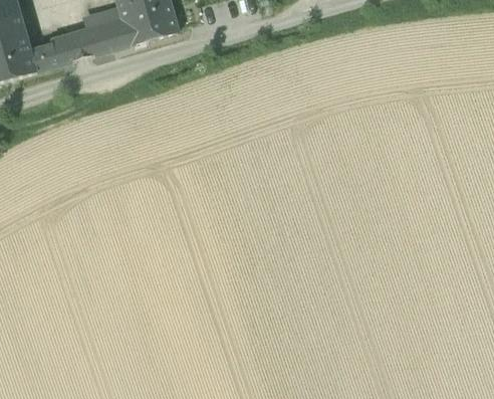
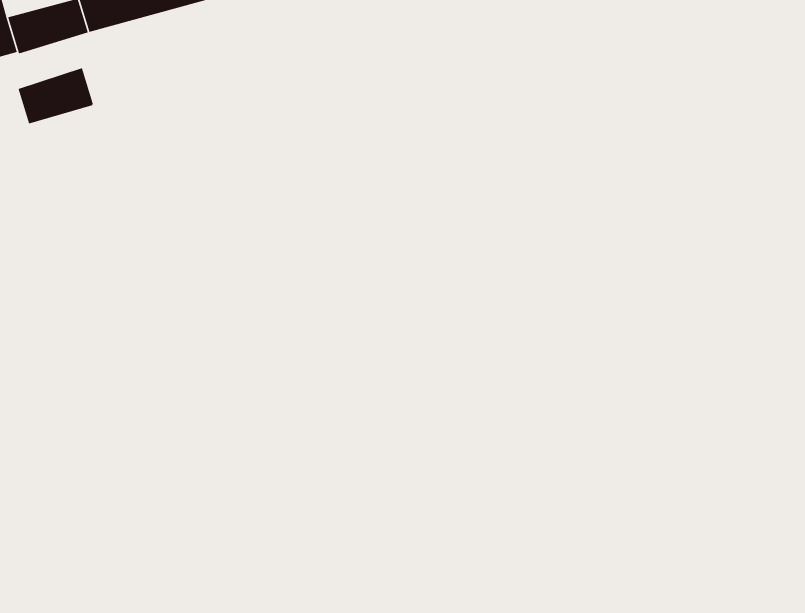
building: none -> [18,67,93,125]

